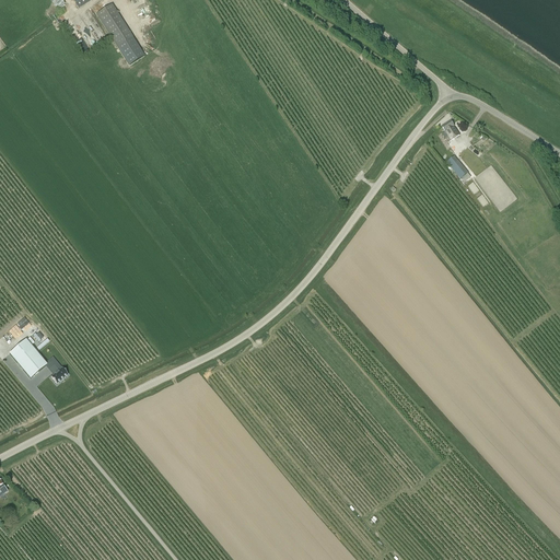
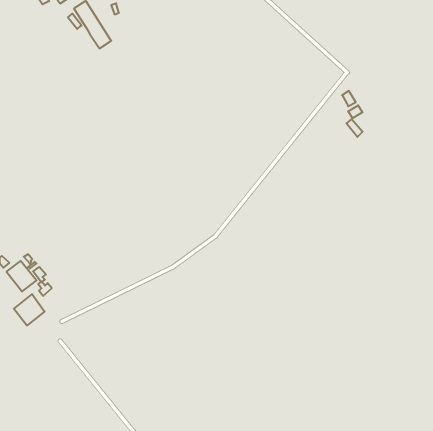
building: none -> [14,294,45,325]

